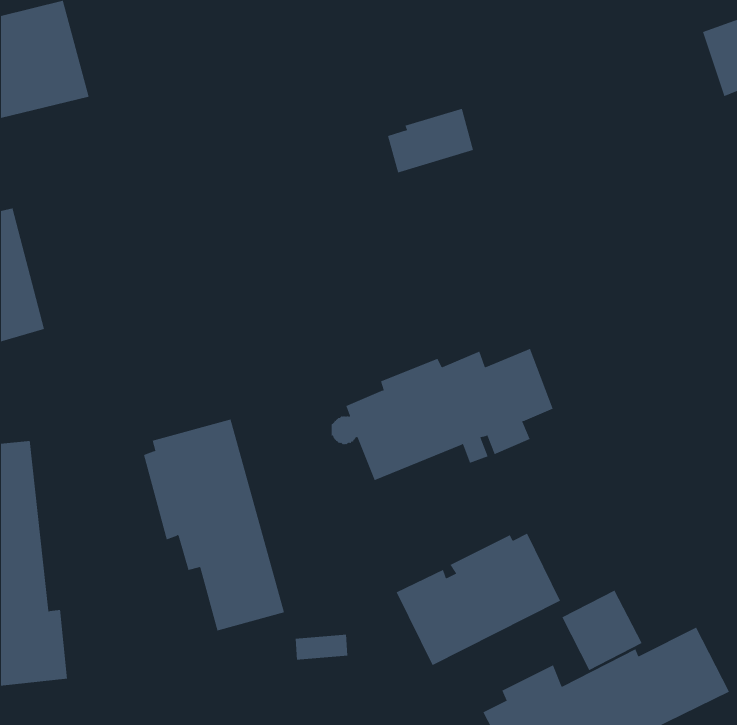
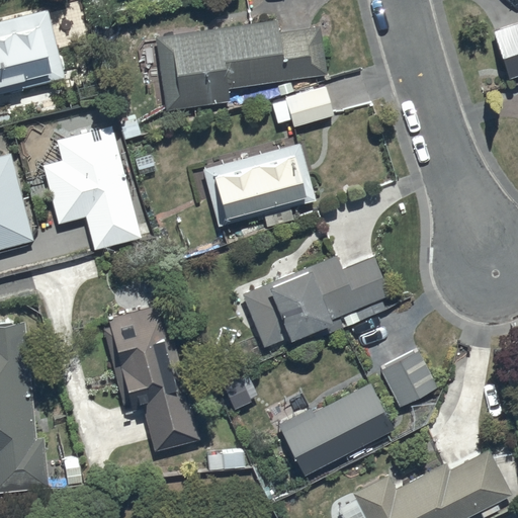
building: none -> [156,20,326,110]
building: none -> [42,126,142,251]
building: none -> [202,141,315,228]
building: [561,590,642,671] -> [380,350,437,407]

